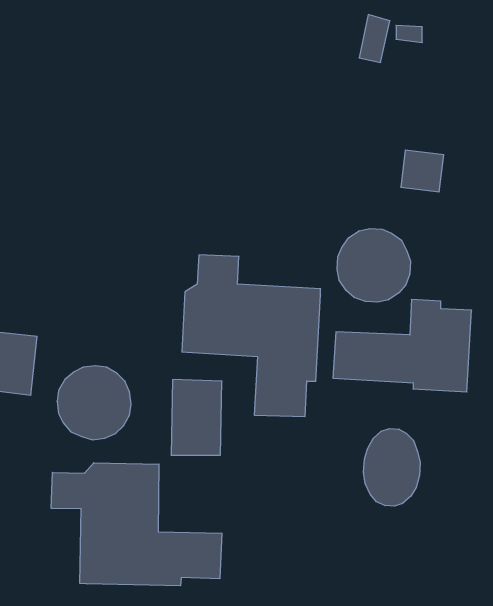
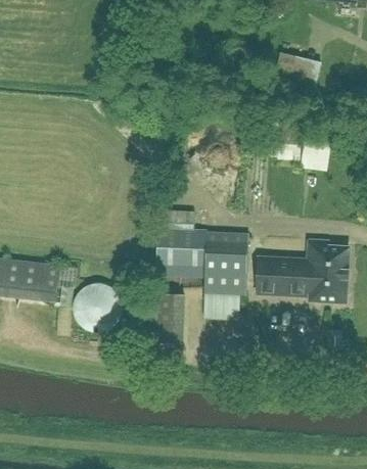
building: [337,229,411,302] -> none
building: [364,429,420,506] -> none
building: [51,463,222,586] -> none

